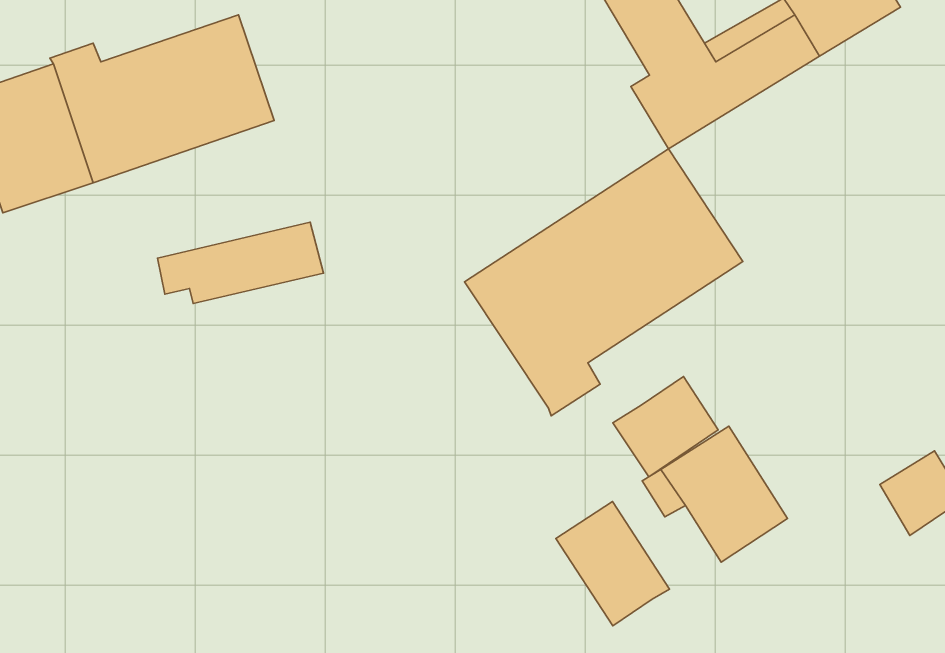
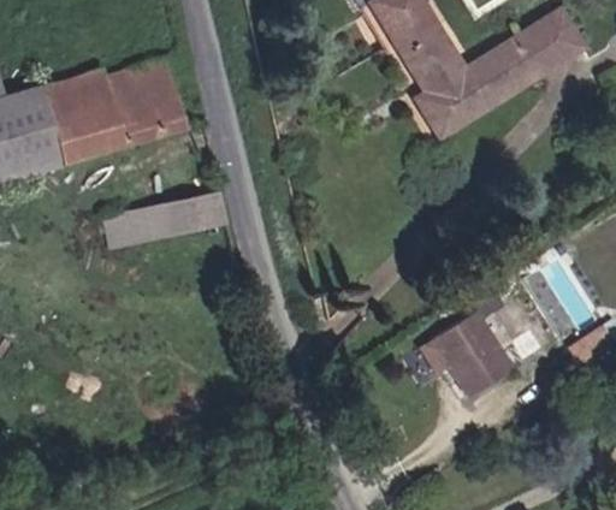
building: [465,149,743,416] -> none
building: [613,376,718,477] -> none
building: [556,502,670,626] -> none

